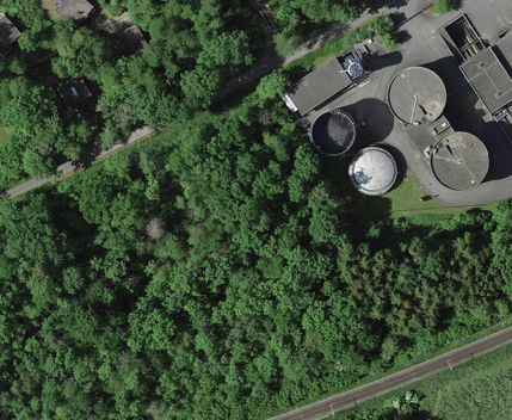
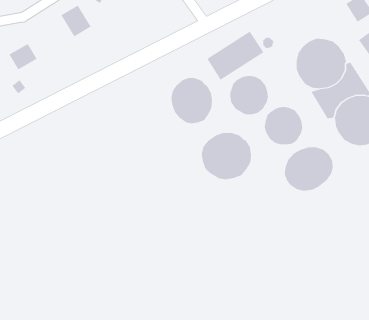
building: none -> [171,77,212,124]
building: none -> [201,132,252,180]
building: none -> [284,147,333,191]

